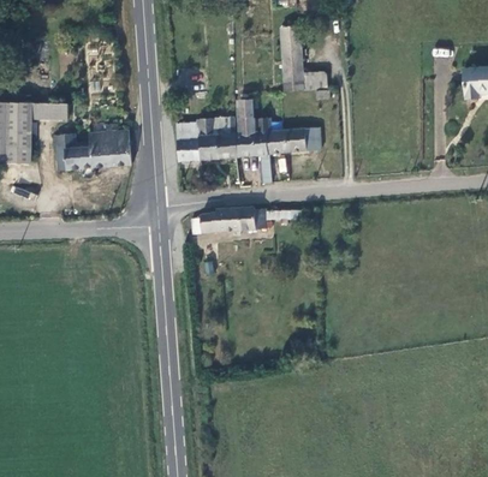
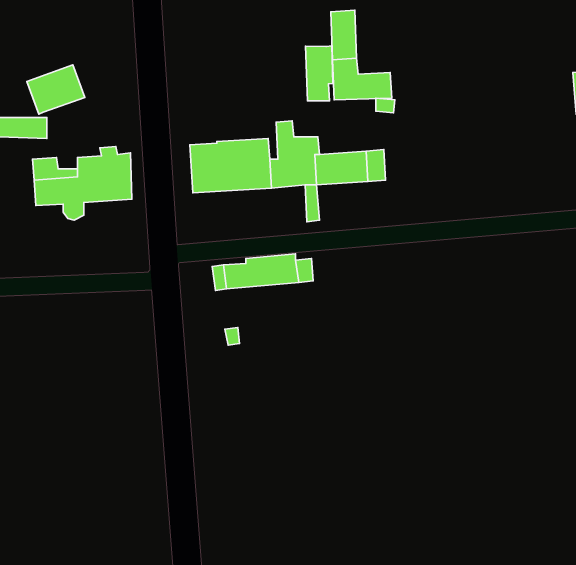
building: none -> [305,46,333,101]
building: none -> [27,65,85,114]

